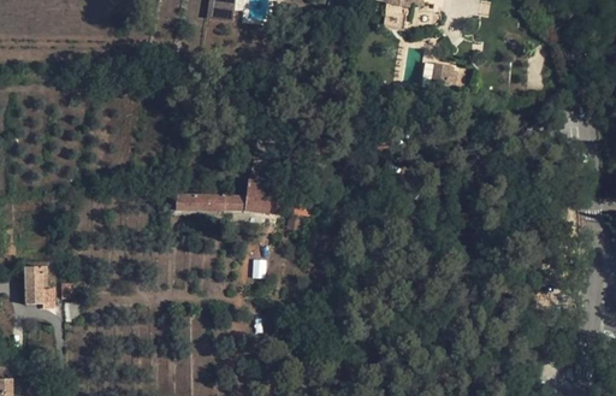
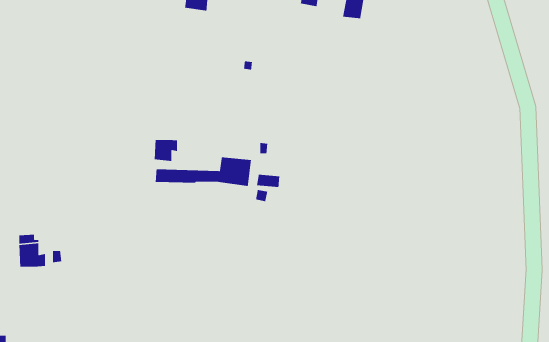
building: [421,61,464,85] -> none
building: none -> [154,139,178,162]

